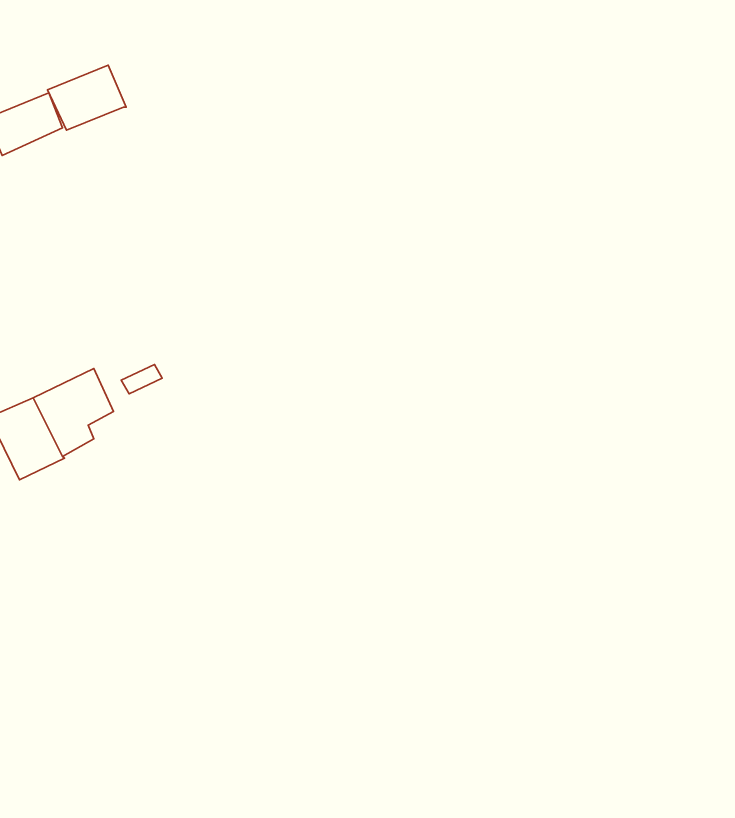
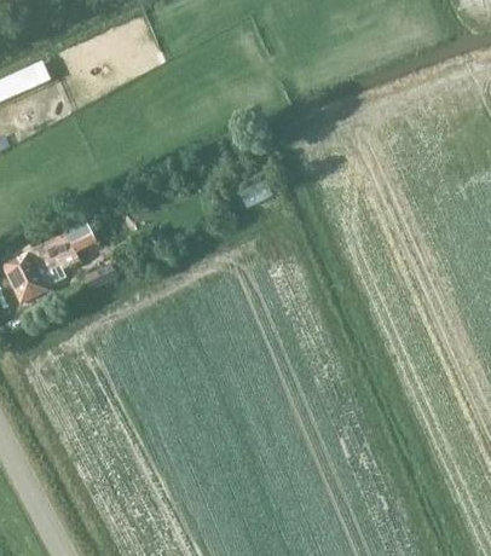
building: [48,65,126,130] -> none

